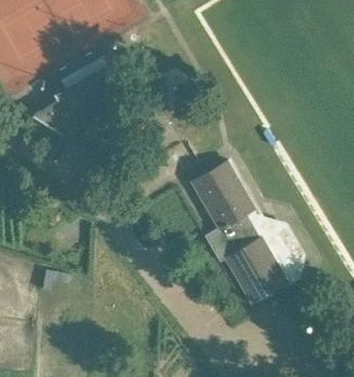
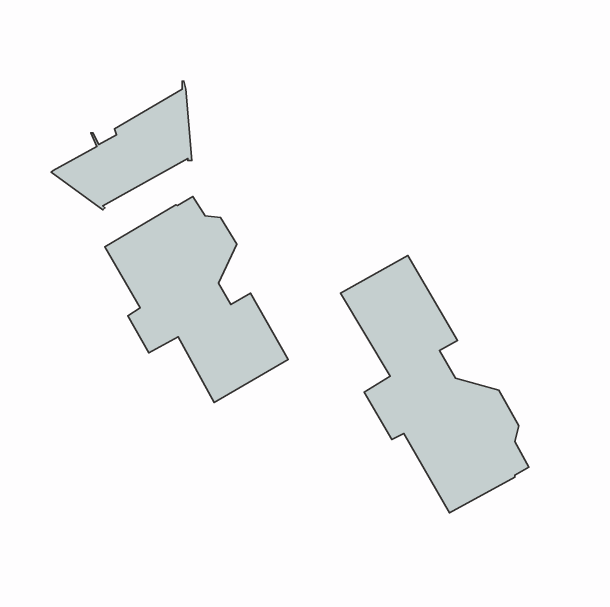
building: none -> [105,197,288,402]

